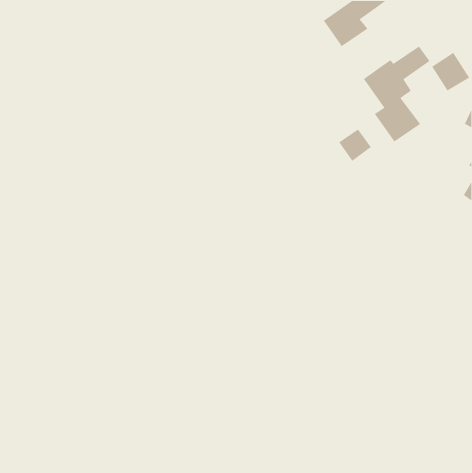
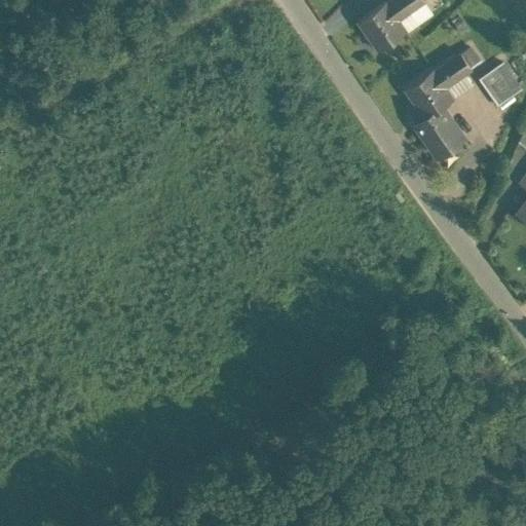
building: [338,129,372,162] -> none

